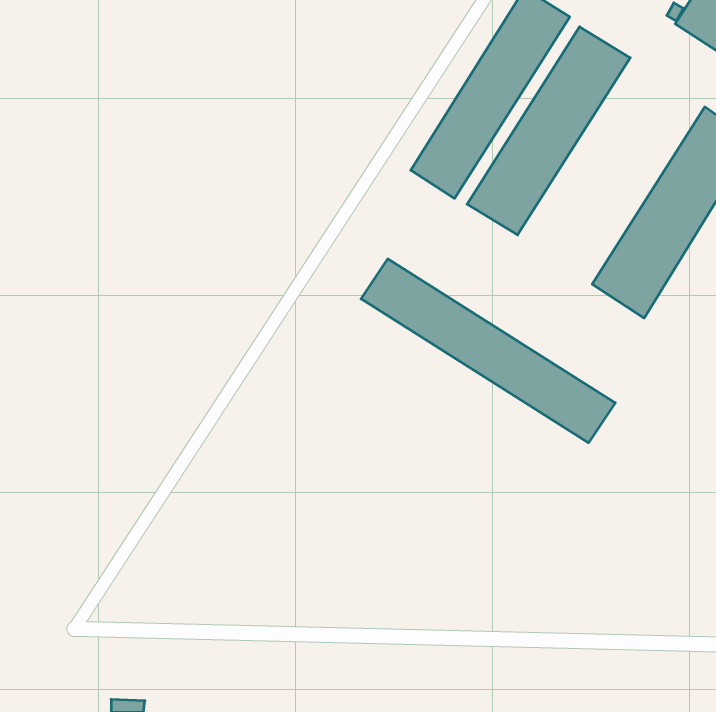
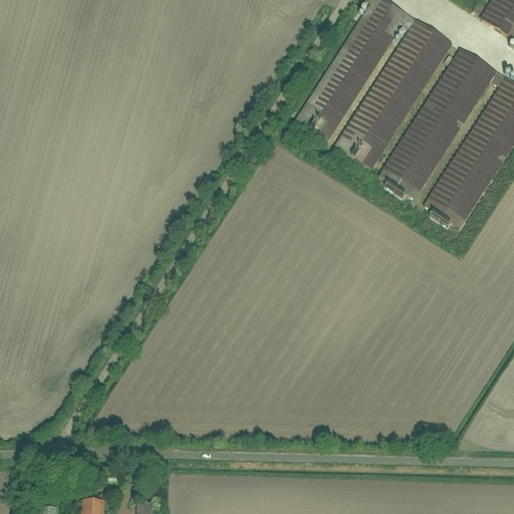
building: none -> [380,47,497,196]
building: [361,259,615,443] -> none

